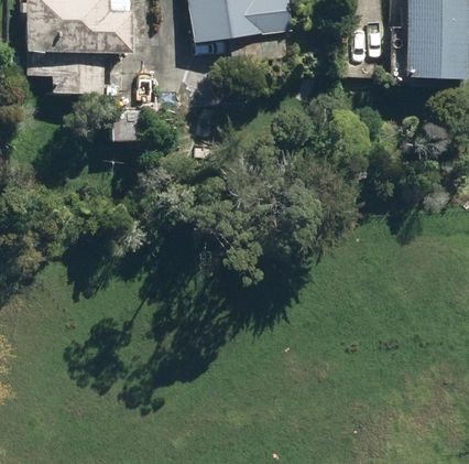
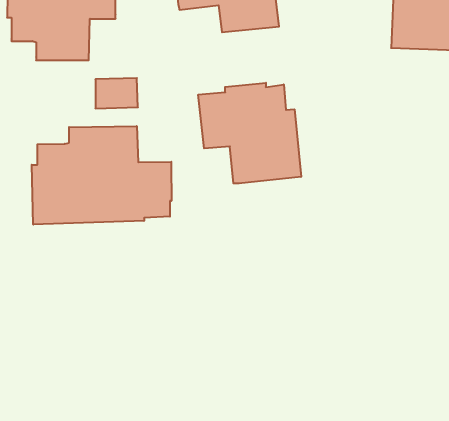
building: none -> [198,83,301,183]
building: none -> [32,126,171,225]

